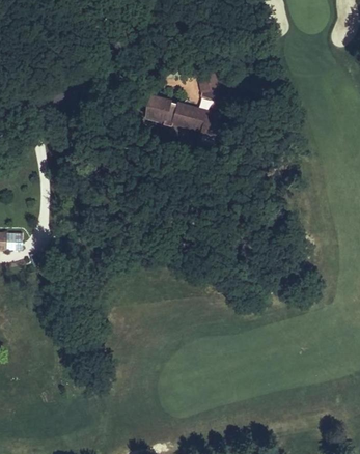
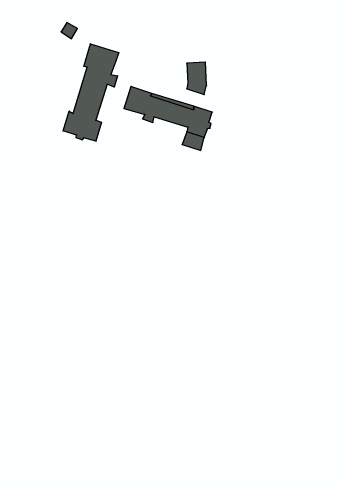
building: none -> [63,44,119,141]

